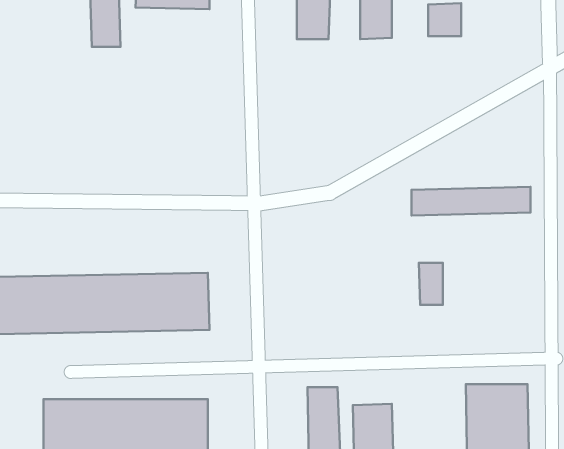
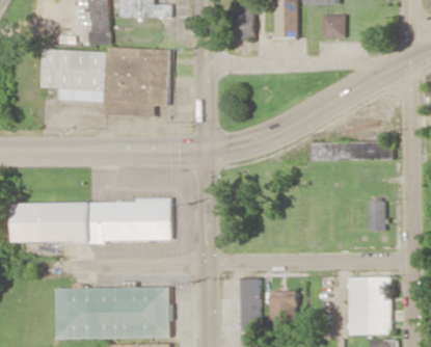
building: none -> [42,47,170,116]
building: [419,263,443,305] -> [367,201,383,230]

